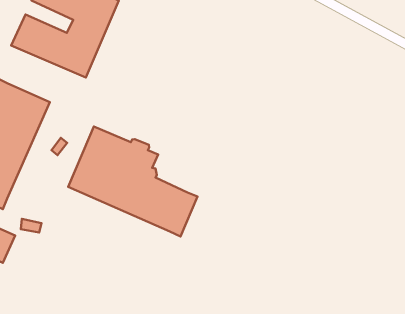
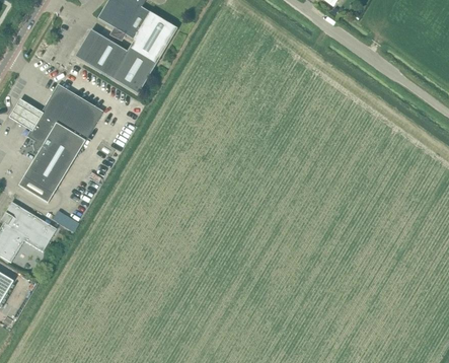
building: [68,126,198,237] -> none

